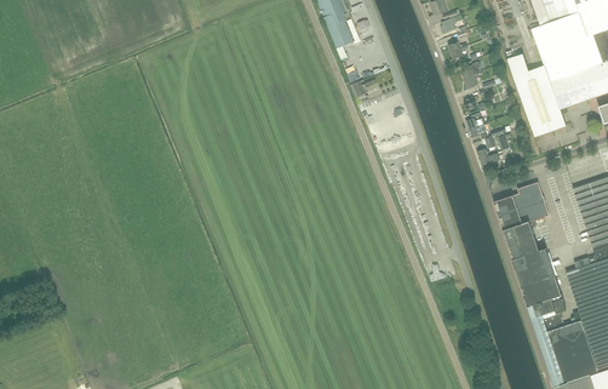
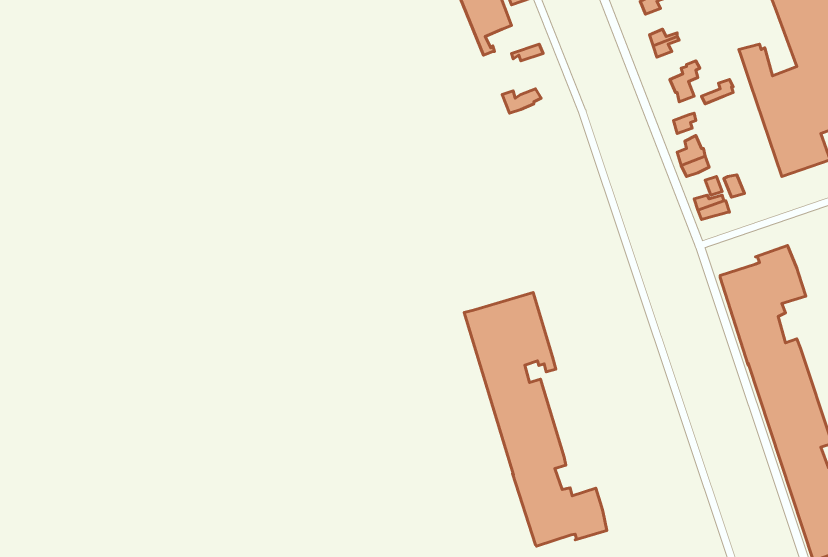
building: none -> [464,292,607,546]

